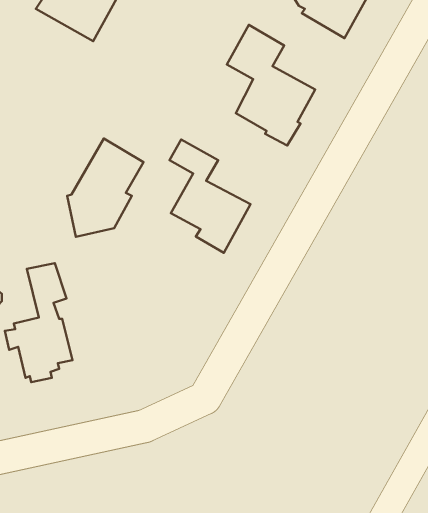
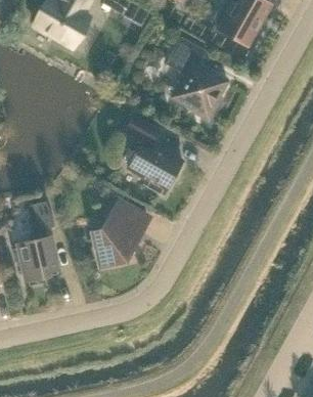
building: [67,138,144,237] -> [94,200,147,268]

